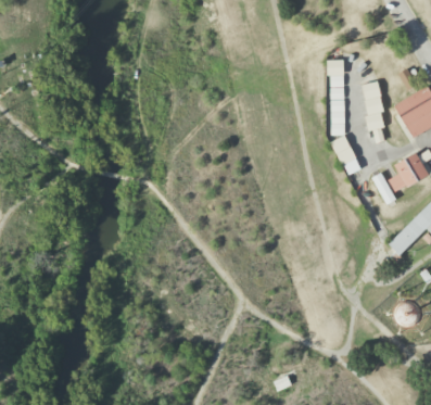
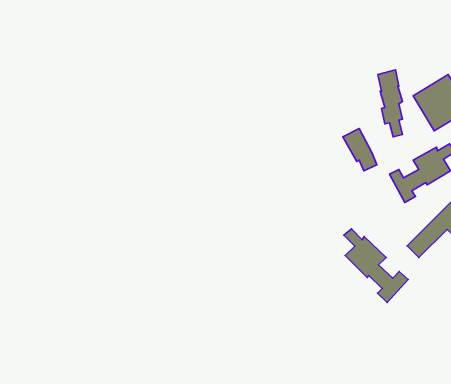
building: [327,60,344,136] -> none
building: none -> [344,229,408,303]

